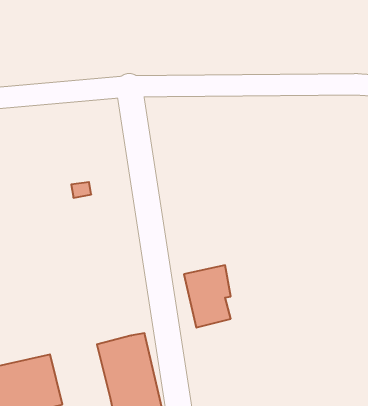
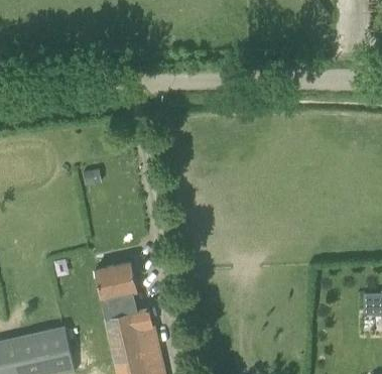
building: [184,265,231,328] -> [94,261,136,318]

